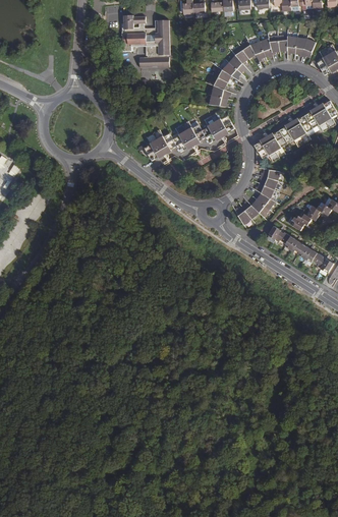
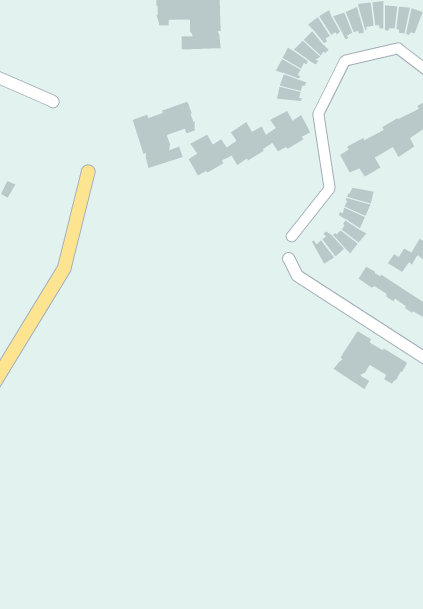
building: none -> [132,101,196,169]
building: none -> [333,330,407,390]

